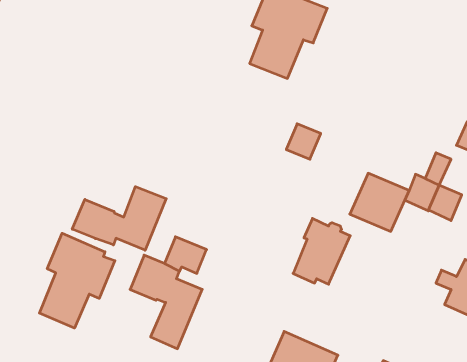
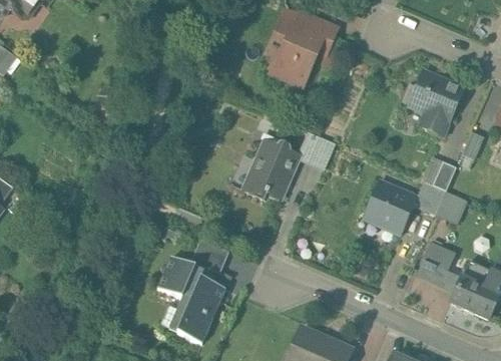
building: none -> [408,71,463,135]
building: [72,187,166,250] -> none
building: [293,218,350,284] -> [244,138,298,200]
building: [39,233,115,328] -> none
building: none -> [417,241,455,282]

